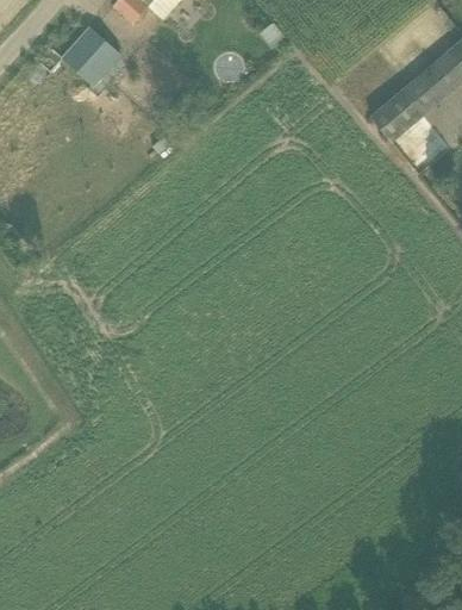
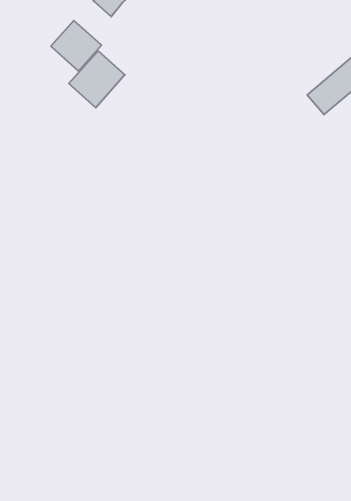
building: none -> [69,51,125,108]

